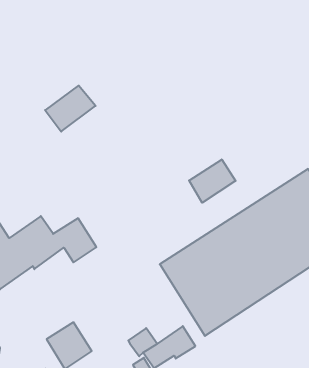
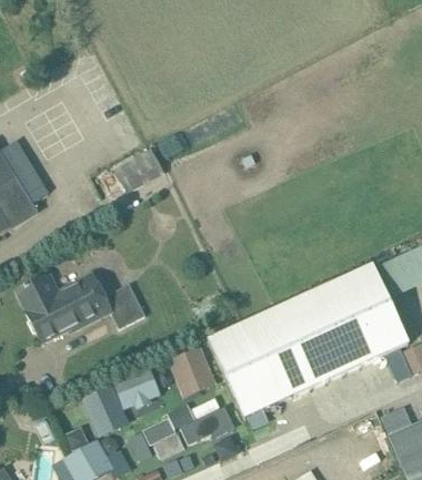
building: [189,159,236,203] -> none
building: none -> [168,346,215,397]
building: none -> [114,370,160,409]

